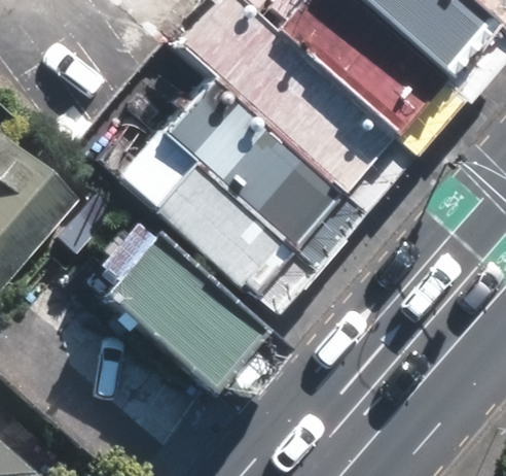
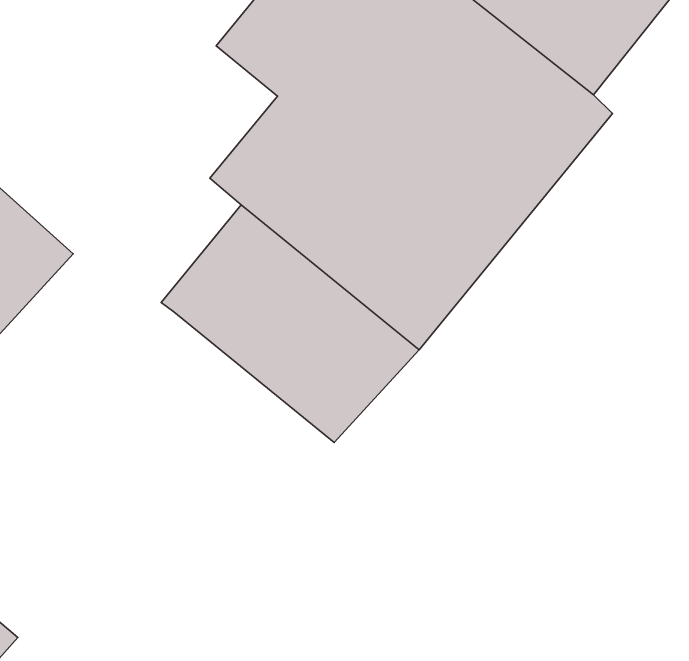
building: [84,240,245,392] -> none

